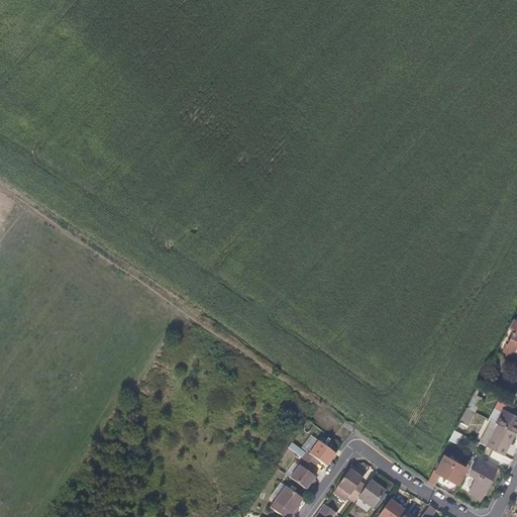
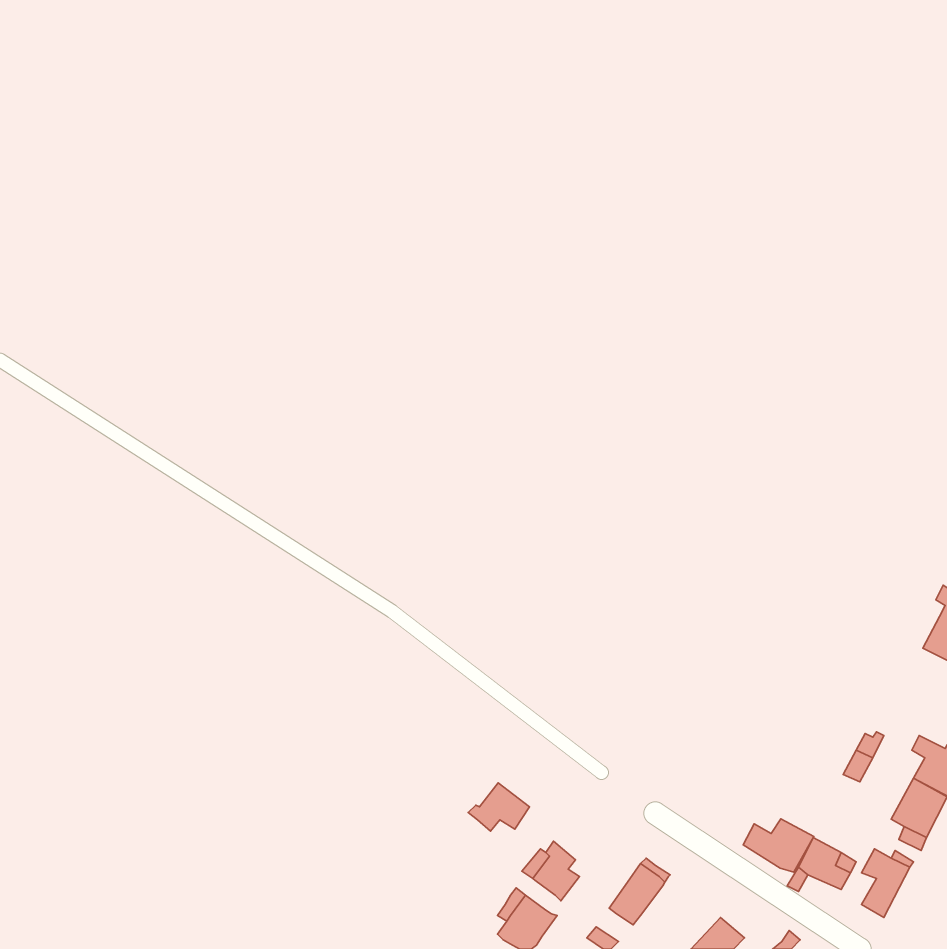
building: [302,441,335,468] -> [468,783,530,831]
building: none -> [743,819,814,872]
building: [349,480,386,508] -> none

